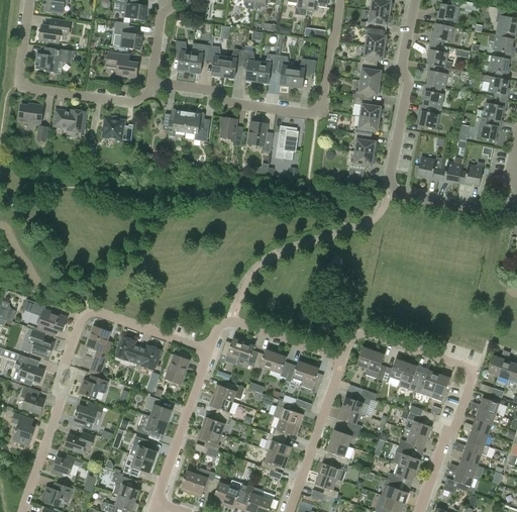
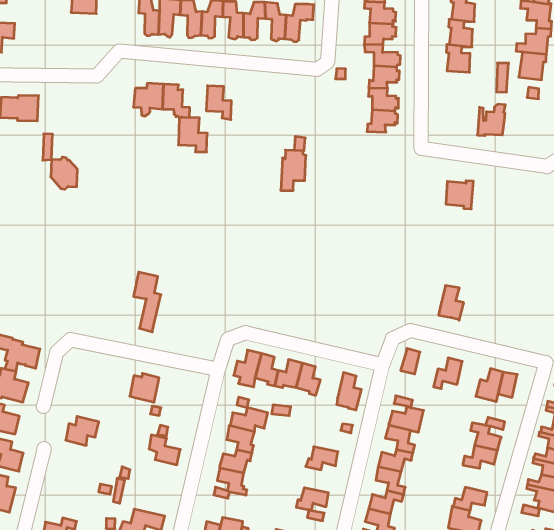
building: [105,53,137,77] -> none
building: [102,115,124,141] -> [51,157,77,189]
building: [247,121,272,151] -> [178,117,207,152]
building: [275,125,298,159] -> [281,150,306,190]
building: [417,156,441,180] -> [446,181,473,209]
building: [457,161,483,185] -> none
building: [87,326,109,376] -> [134,272,161,332]
building: [115,336,139,362] -> none
building: [365,350,386,380] -> [439,286,464,320]
building: [165,354,189,383] -> none
building: [284,357,309,386] -> none
building: [398,362,419,391] -> none
building: [273,399,302,424] -> none
building: [73,402,102,423] -> none
building: [136,413,167,434] -> none
building: [64,431,94,452] -> none
building: [264,432,291,456] -> none
building: [128,435,157,462] -> none
building: [392,445,419,470] -> none

